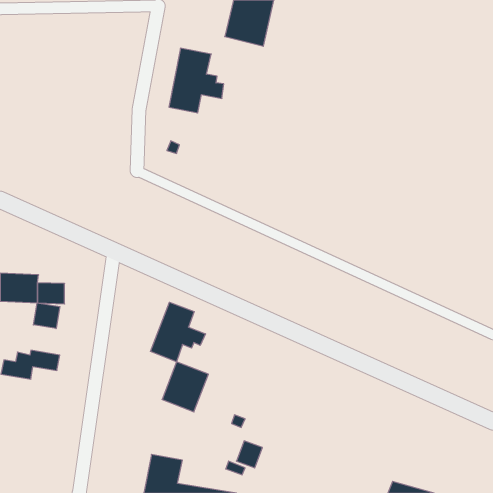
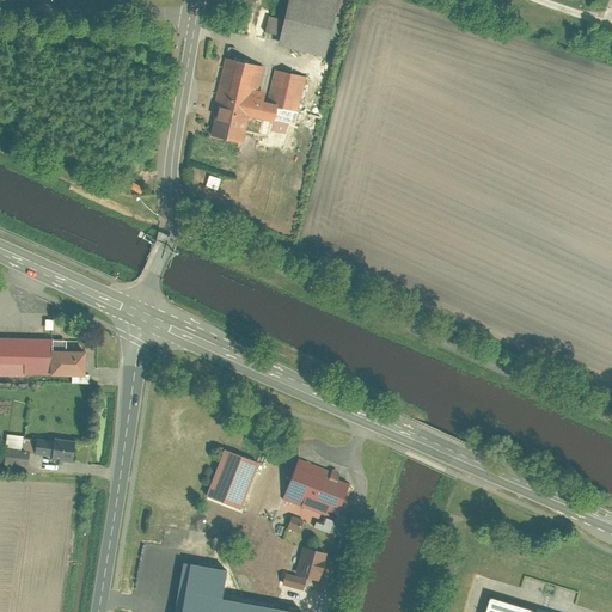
building: none -> [268,66,306,110]
building: [150,302,205,362] -> none
building: [33,303,60,329] -> none
building: none -> [282,459,351,515]

